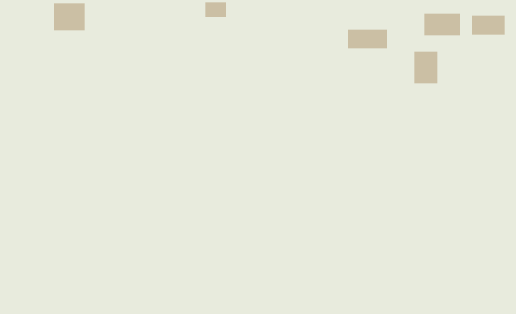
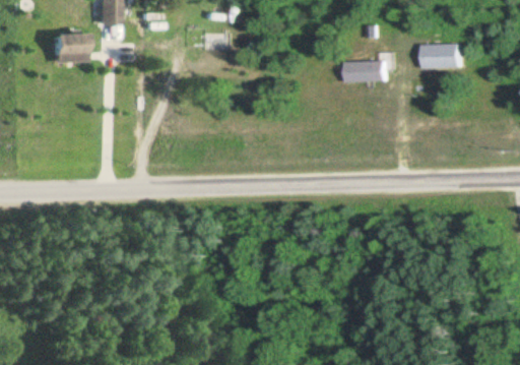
building: [471,15,506,36] -> none
building: [414,51,438,84] -> none

